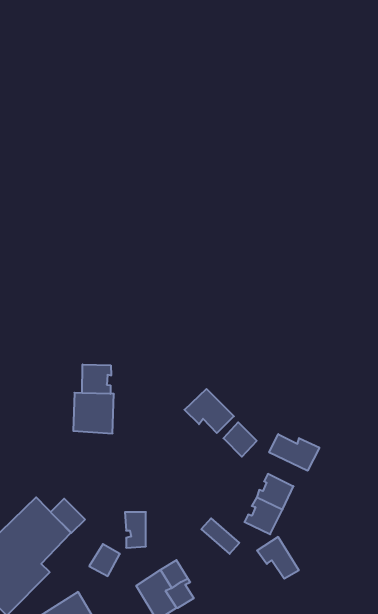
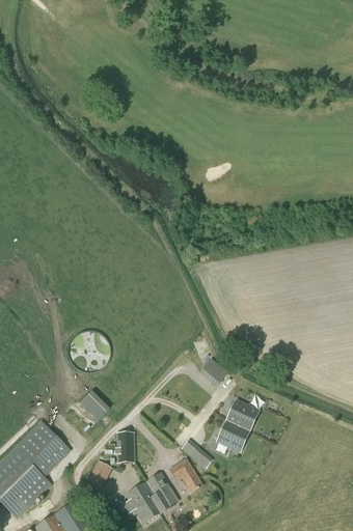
building: [82,364,111,394] -> none
building: [184,389,234,433] -> none
building: [269,434,319,471] -> none
building: [51,499,85,533] -> [79,391,108,420]
building: [257,537,299,579] -> [167,458,202,494]

